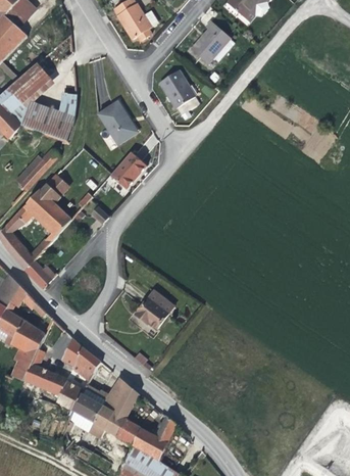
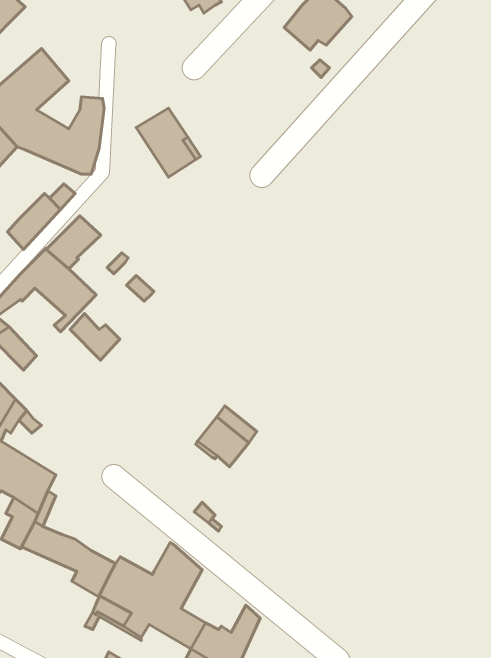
building: [159,69,199,114] -> none
building: [110,151,146,188] -> none
building: [23,258,55,288] -> [70,313,120,360]
building: [62,337,101,380] -> none

